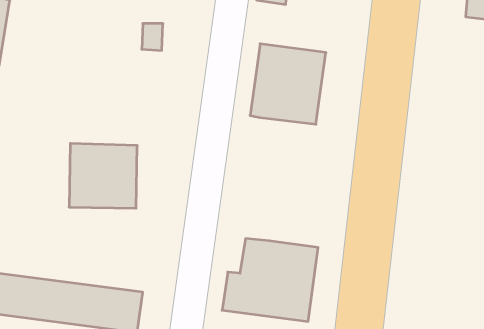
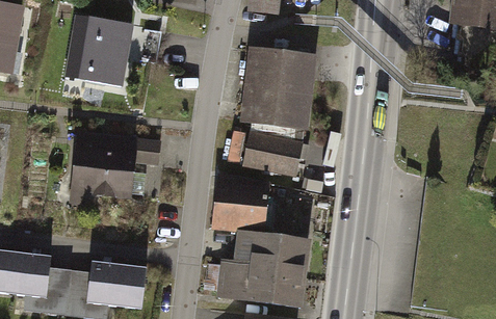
building: none -> [71,18,129,78]
building: none -> [241,115,305,174]
building: none -> [217,181,265,230]

